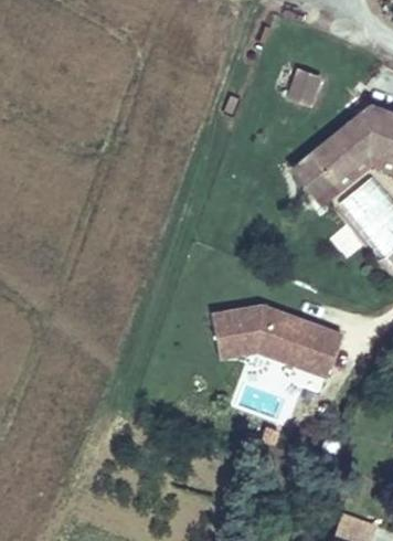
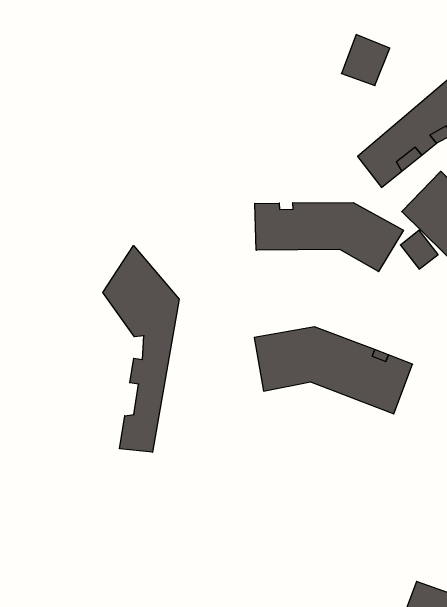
building: none -> [255,203,403,272]
building: none -> [103,246,179,452]

